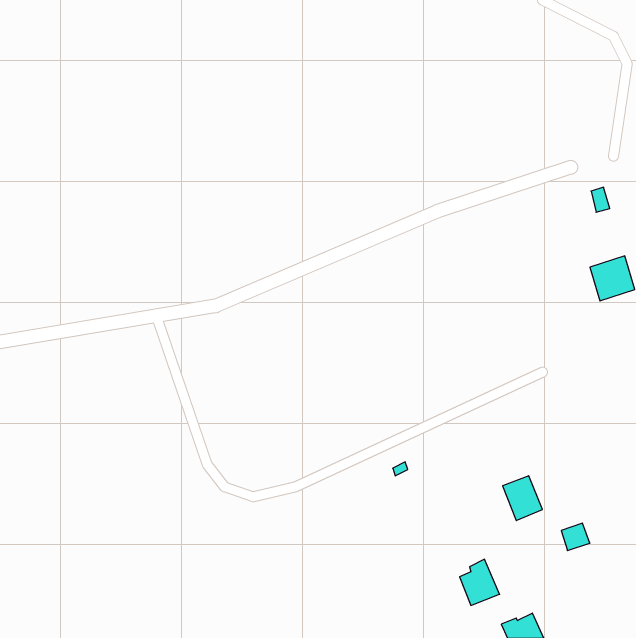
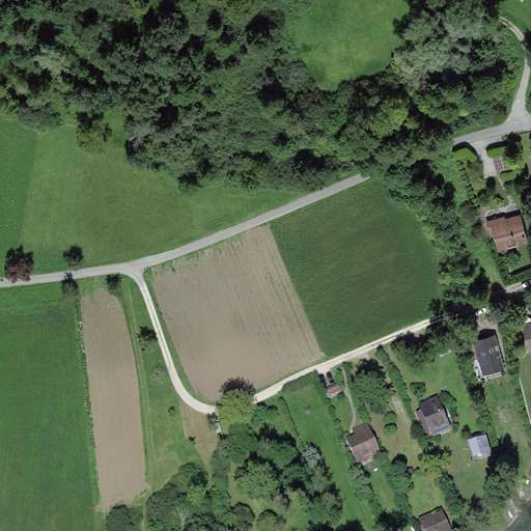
building: none -> [473,339,504,376]
building: [460,559,500,605] -> [345,423,379,462]

